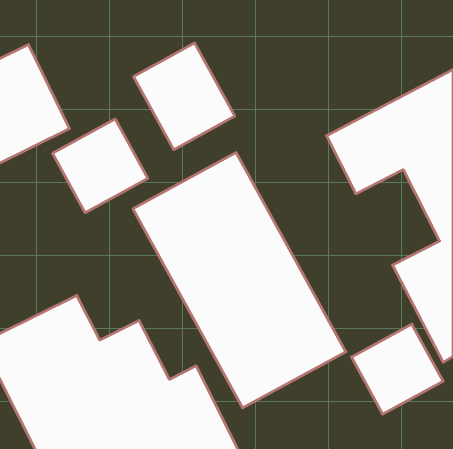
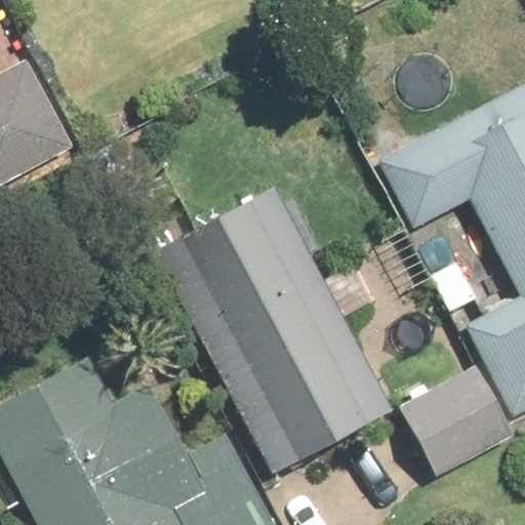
building: [134,43,235,150] -> none
building: [53,119,148,213] -> none

